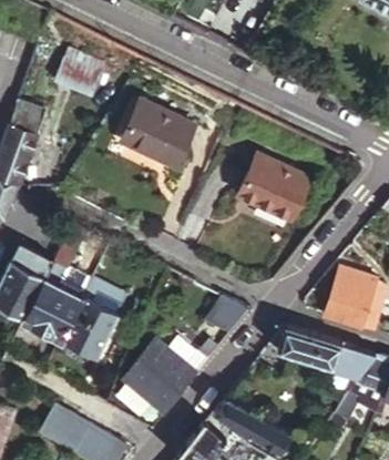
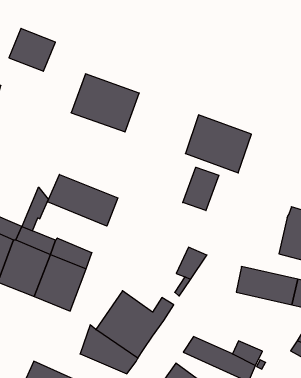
building: none -> [47,174,118,226]
building: none -> [183,167,219,211]

